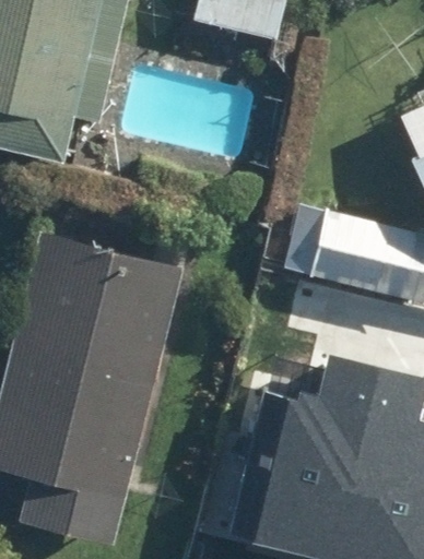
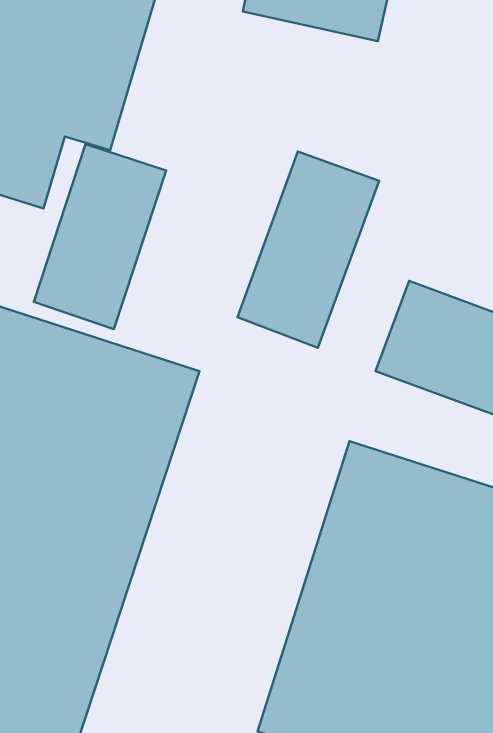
building: none -> [238,152,379,348]
building: none -> [34,144,166,329]

